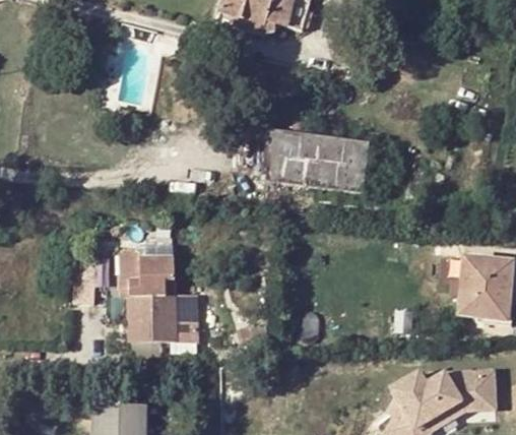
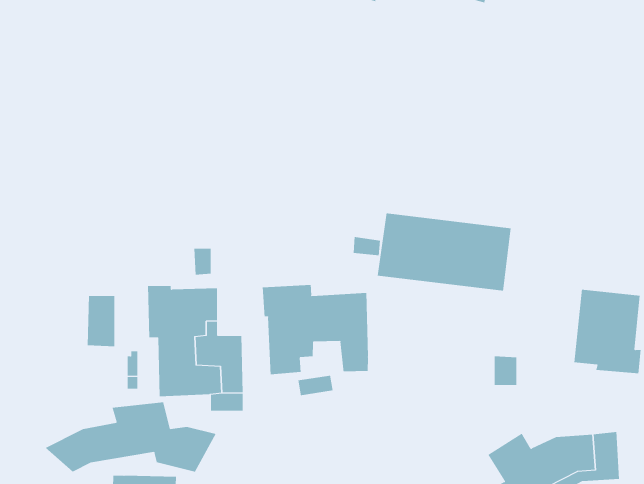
building: [263,128,370,190] -> [377,213,512,291]
building: none -> [262,284,368,375]
building: none -> [45,402,217,472]

